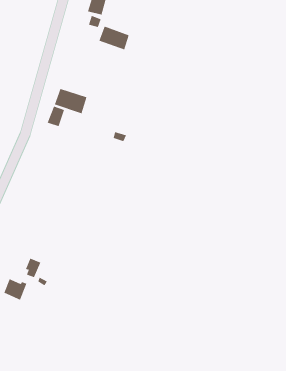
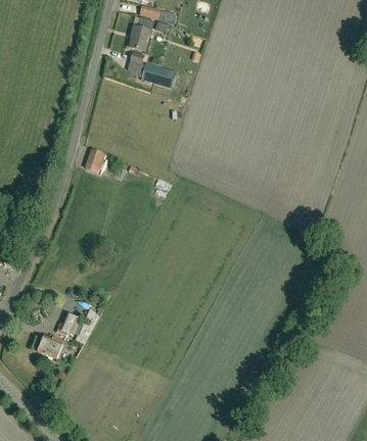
building: [54,88,87,114] -> none

